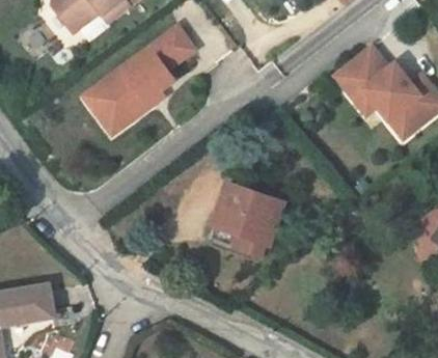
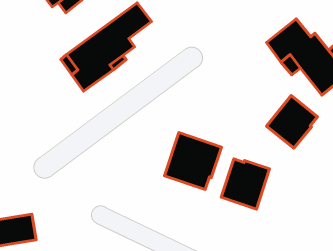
building: none -> [266,96,318,148]
building: none -> [221,159,270,209]

